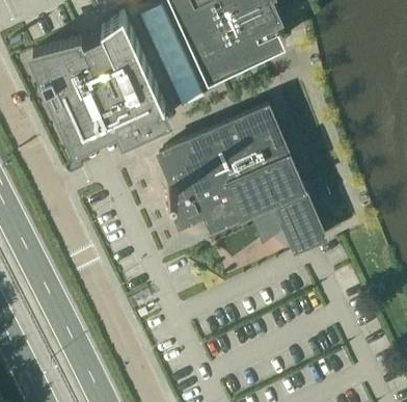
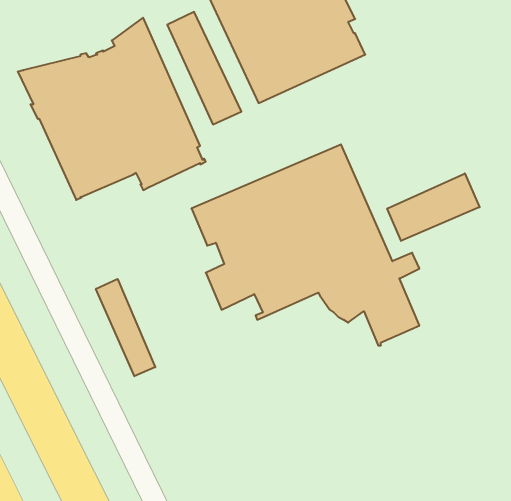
building: none -> [387,173,480,241]
building: none -> [96,279,155,376]

